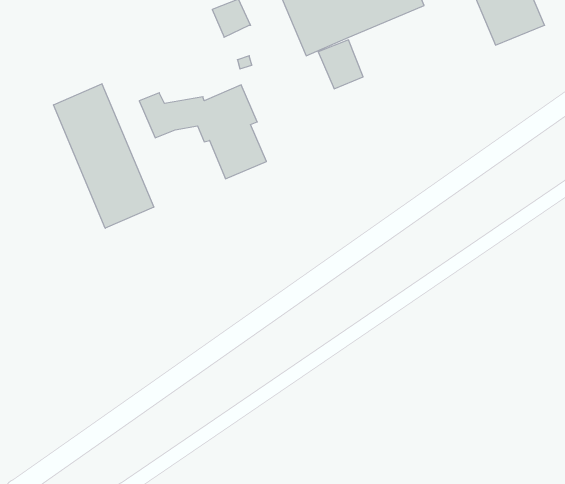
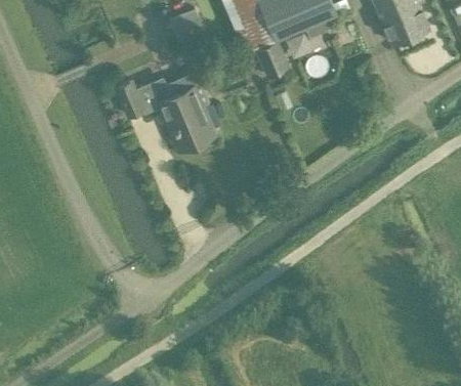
building: [54,84,154,228] -> none

